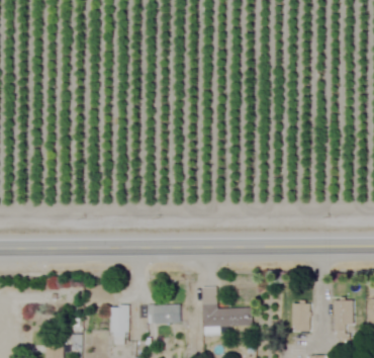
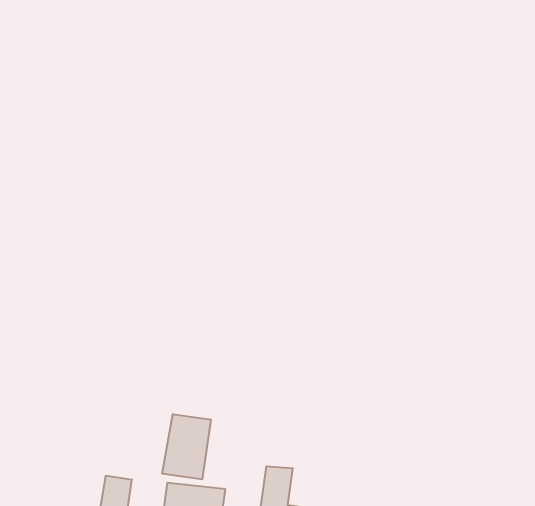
building: none -> [162,414,211,479]

